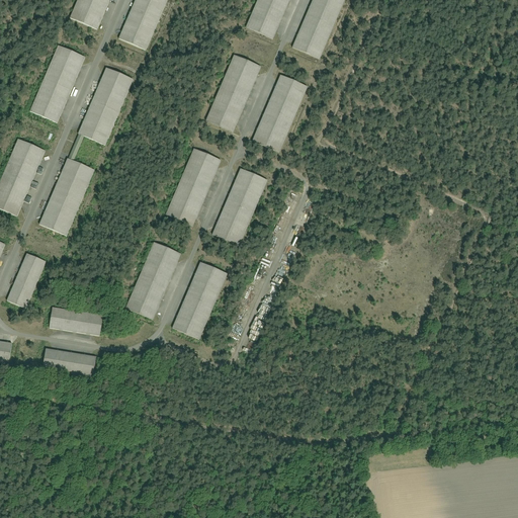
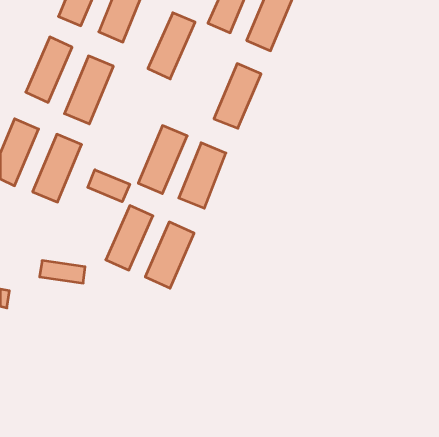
building: [204,54,260,132] -> [148,13,195,79]
building: none -> [88,170,130,202]
building: [6,253,47,310] -> none
building: [41,349,96,375] -> none

